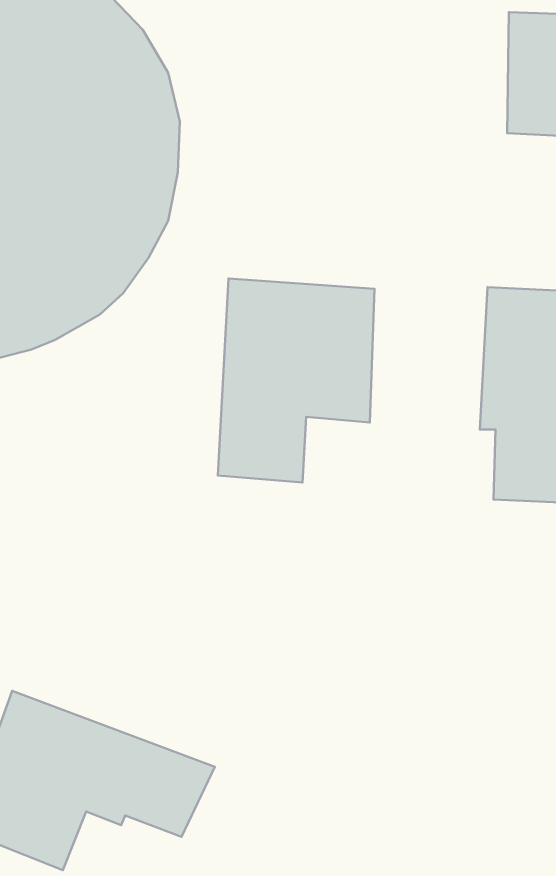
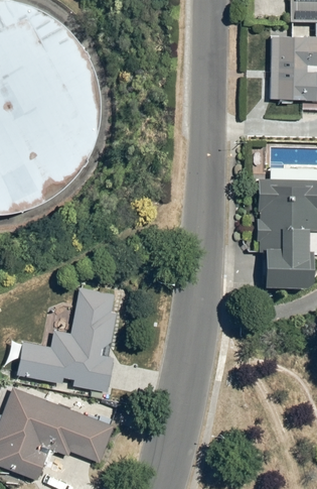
building: [218,279,375,483] -> none
building: none -> [16,286,117,391]

